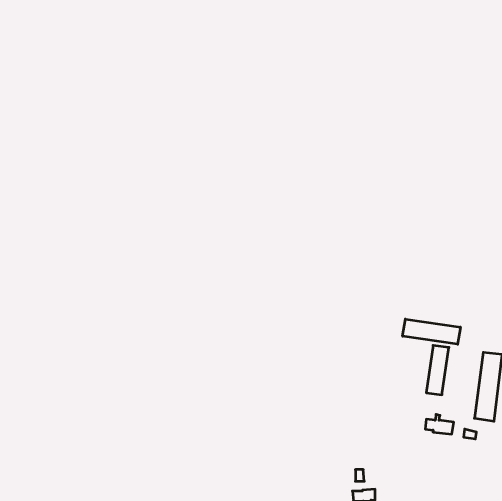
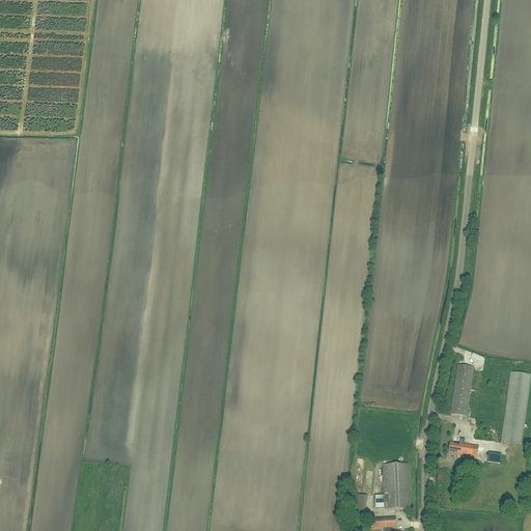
building: [403,319,460,344] -> none
building: none -> [383,463,410,509]

